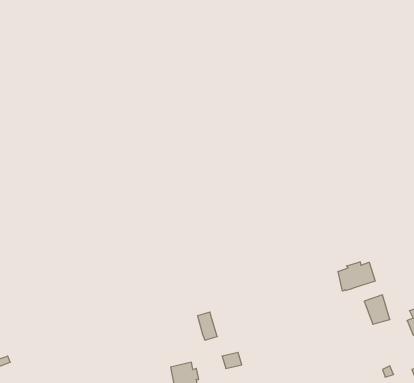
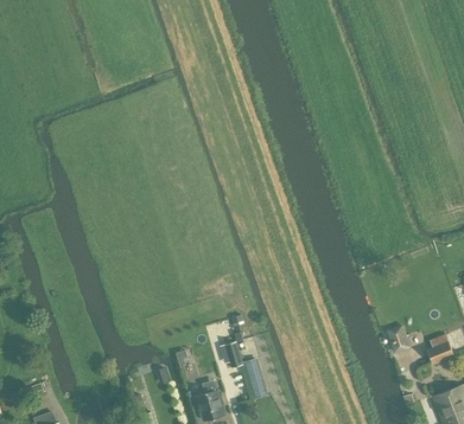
building: [338,262,375,291] -> none

